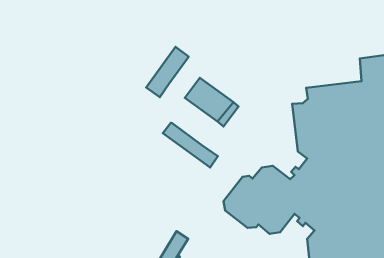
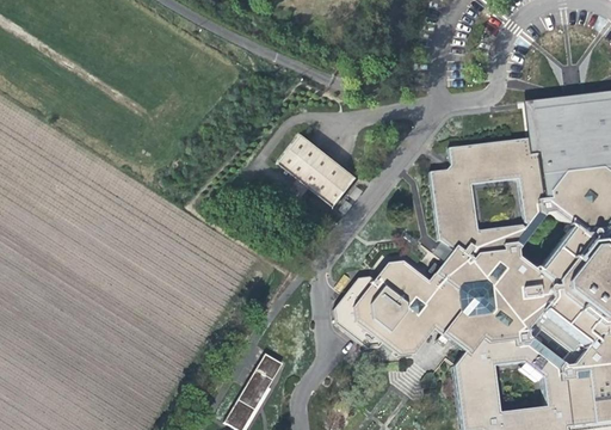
building: [146,47,188,97] -> none
building: [163,123,218,167] -> none

